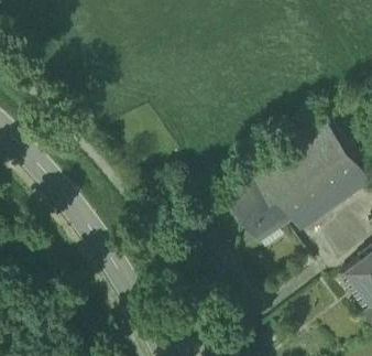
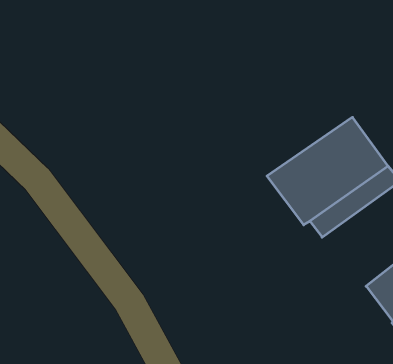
building: [223,177,283,240] -> none

